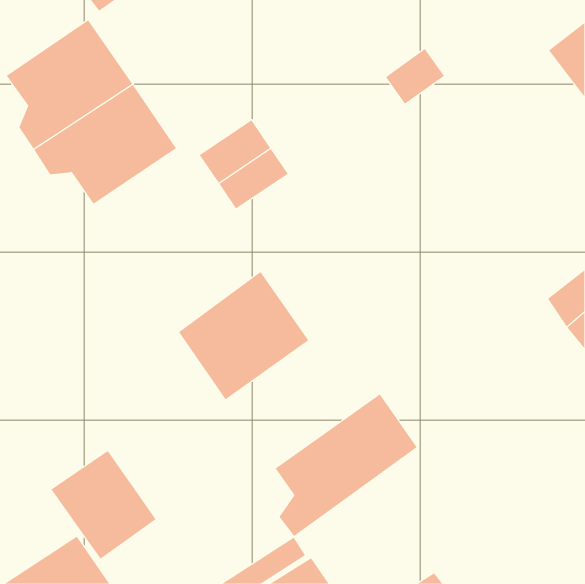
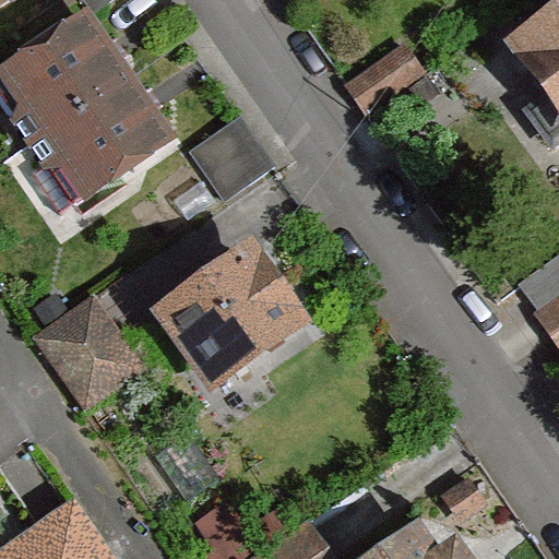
building: [275,394,418,537] -> none
building: [51,450,156,560] -> [40,301,141,405]

